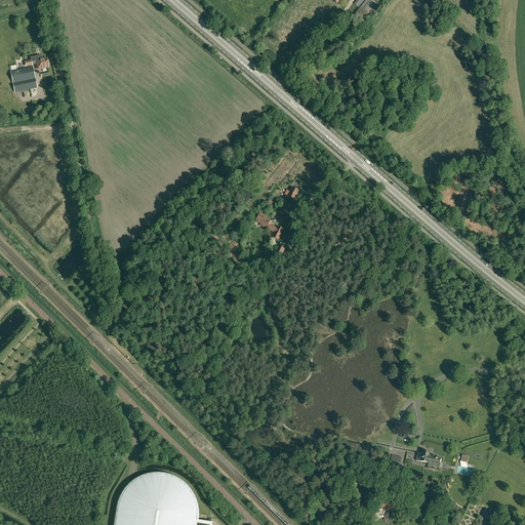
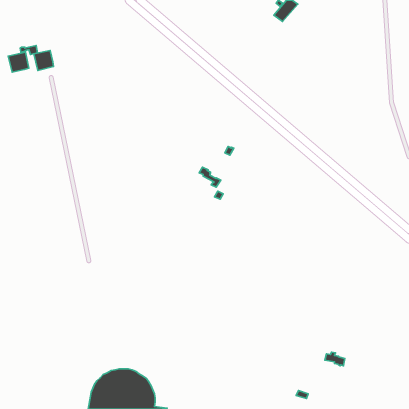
building: none -> [34,50,54,71]

